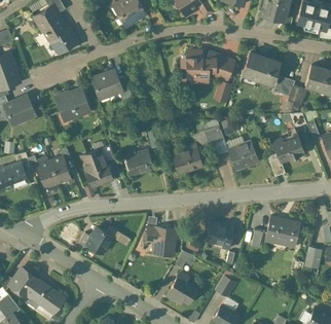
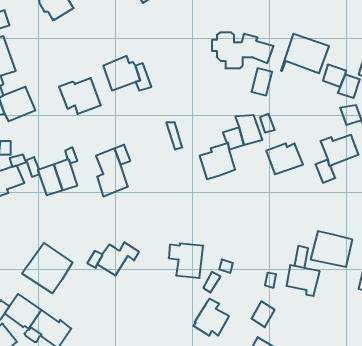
building: [50,29,79,53] -> none
building: [124,150,153,175] -> none
building: [206,223,233,249] -> [286,265,320,296]
building: none -> [22,243,73,293]

